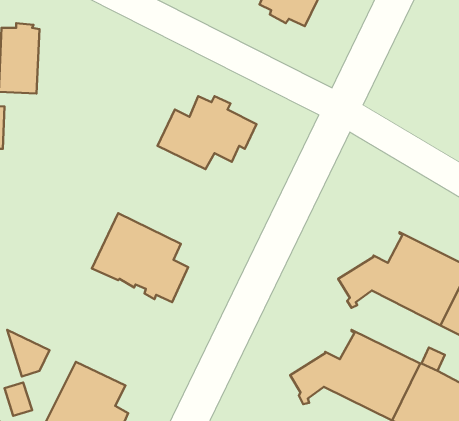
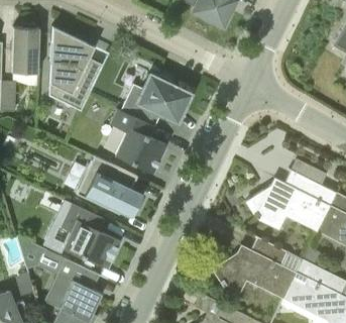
building: none -> [48,25,100,111]
building: none -> [110,109,165,173]
building: none -> [60,203,120,266]

